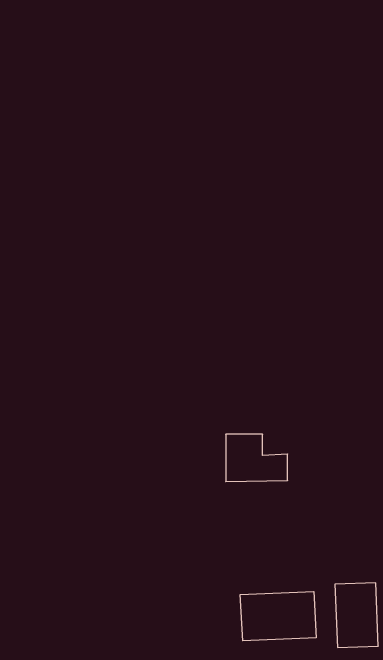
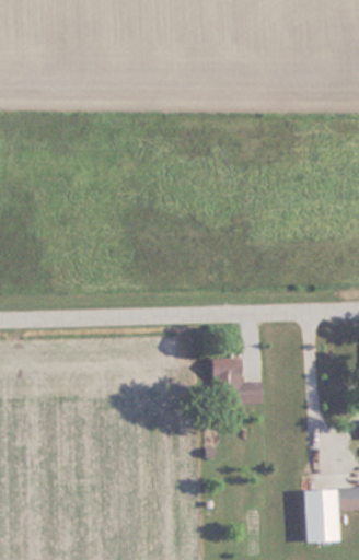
building: [240,592,316,641] -> none

